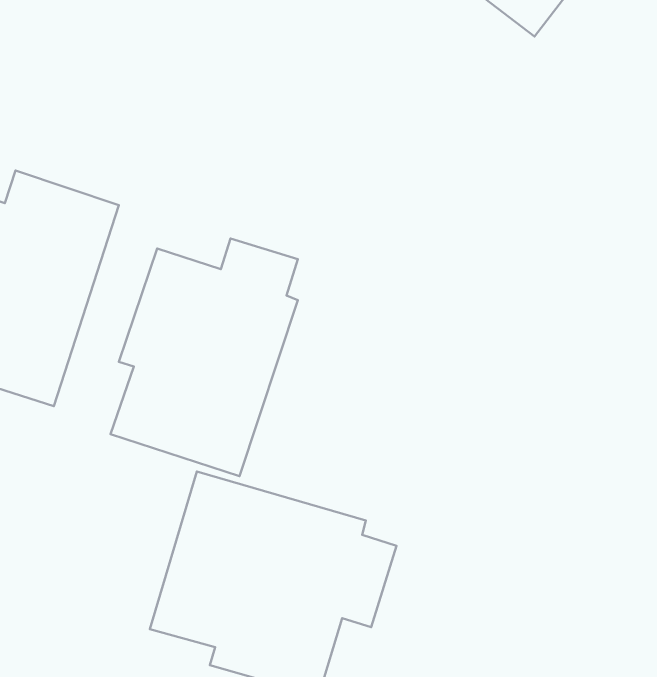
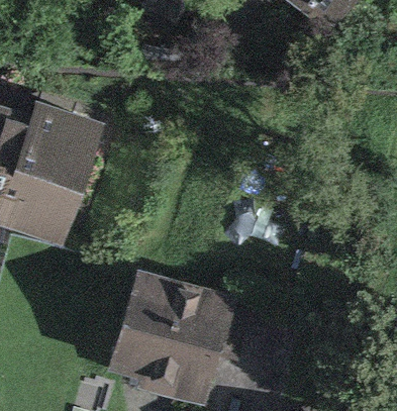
building: [111,238,298,476] -> none

